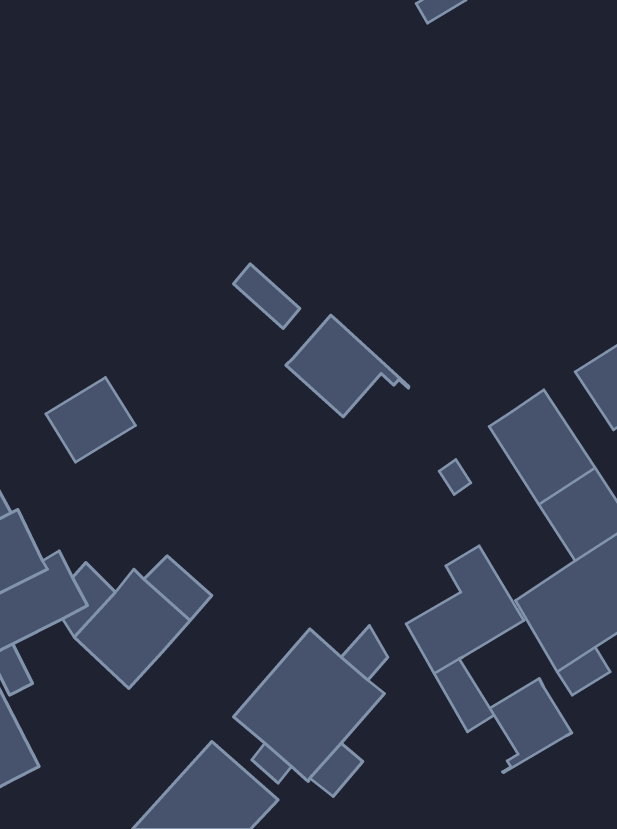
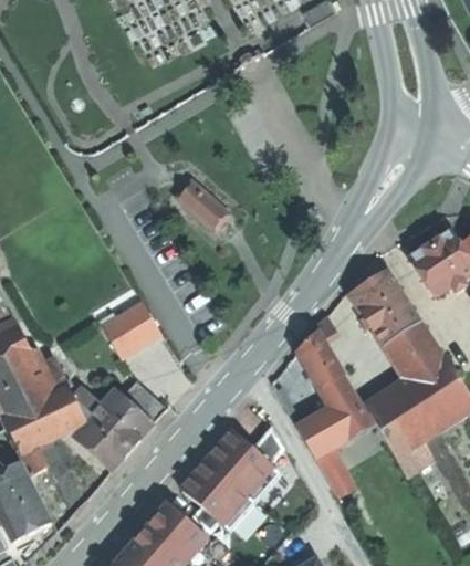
building: [286,315,409,417] -> none
building: [46,377,135,462] -> [102,301,161,357]
building: none -> [299,329,344,388]
building: [490,679,572,773] -> none

